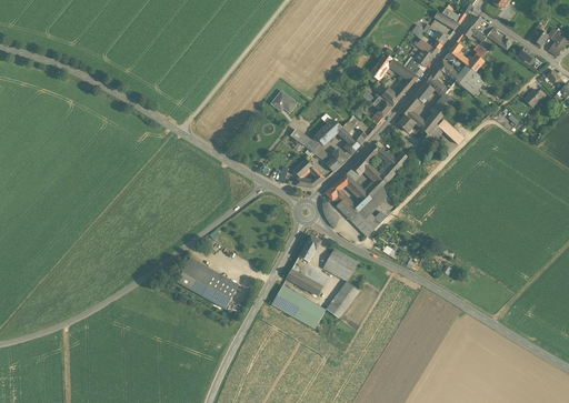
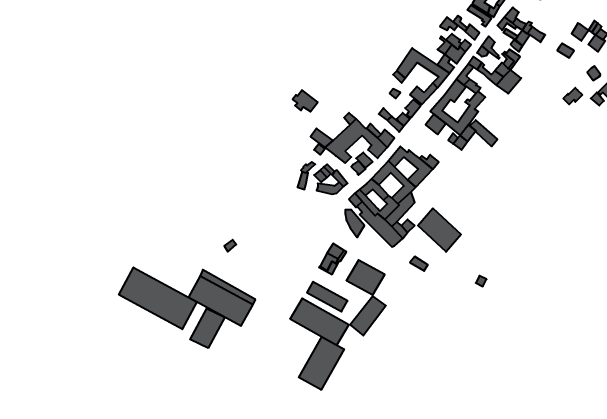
building: none -> [418,208,461,252]
building: none -> [119,267,197,329]
building: none -> [190,308,225,348]
building: none -> [299,337,344,390]

